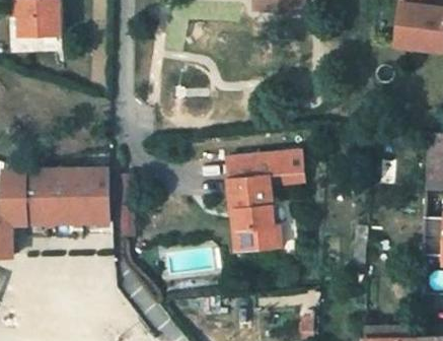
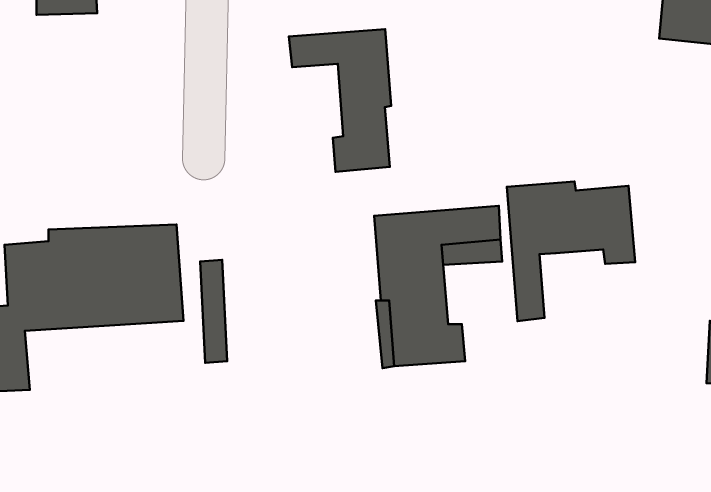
building: none -> [289,29,391,172]
building: none -> [507,181,635,321]

